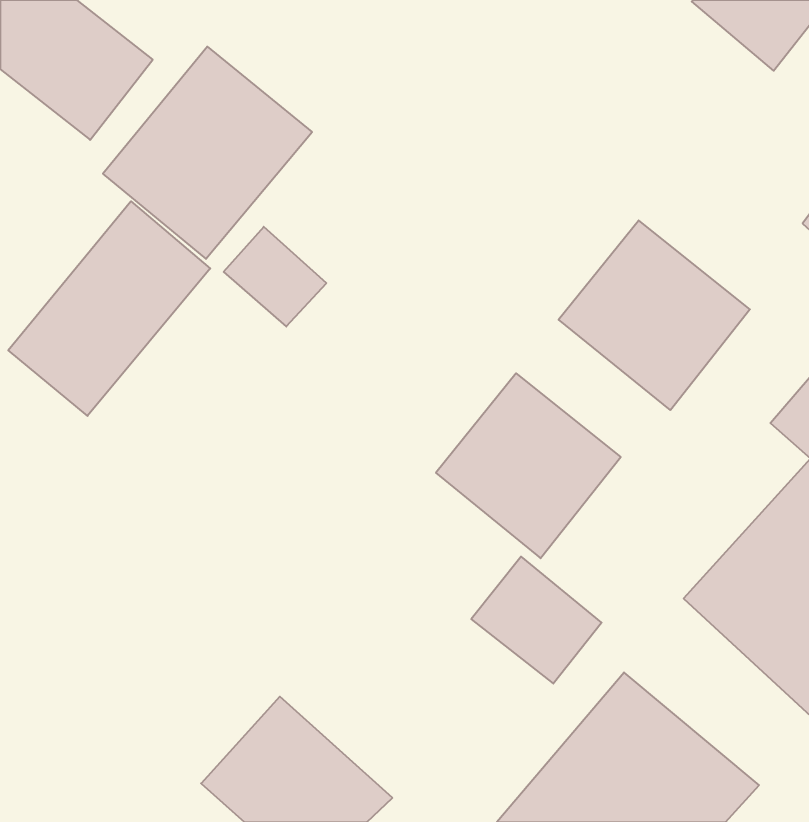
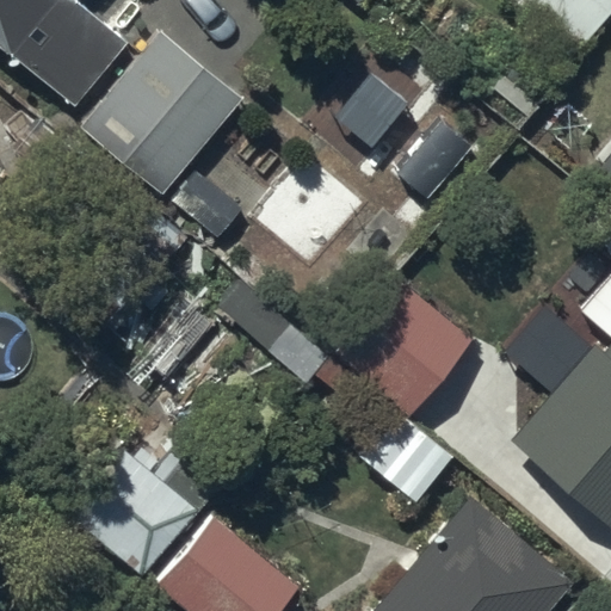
building: [8,201,210,416] -> none
building: [559,220,750,410] -> none
building: none -> [72,451,199,578]

